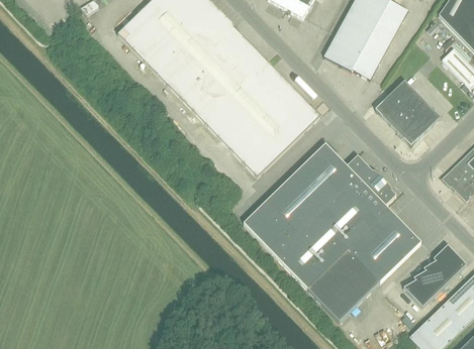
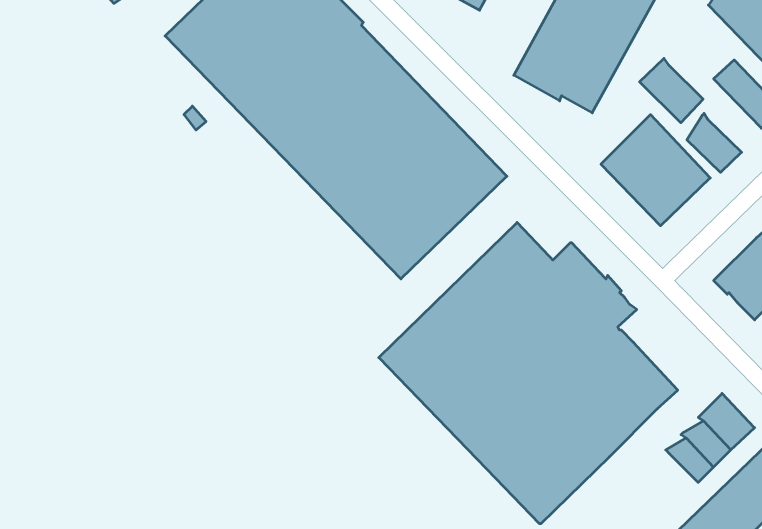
building: none -> [640,58,703,123]
building: none -> [687,113,742,172]
building: [403,278,433,306] -> none

